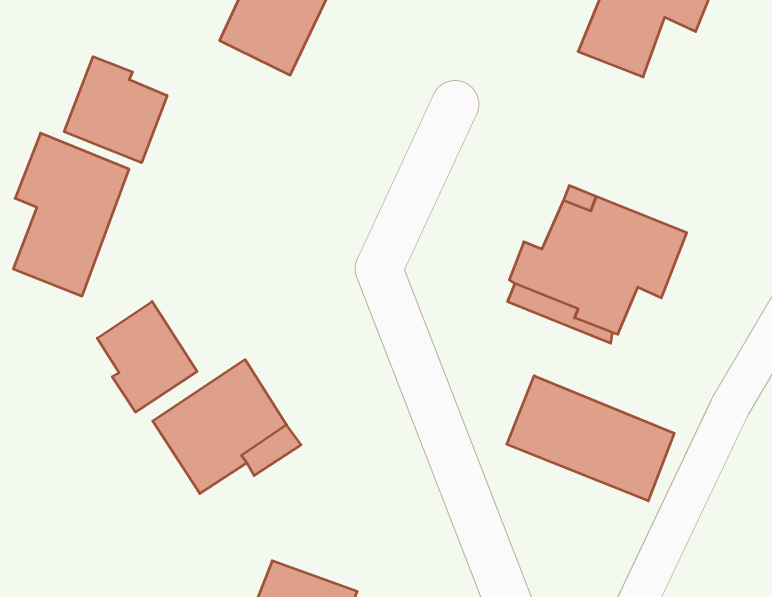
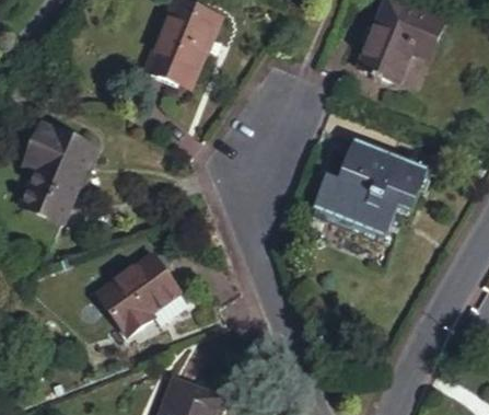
building: [64,57,167,163] -> none
building: [97,301,197,412] -> none
building: [507,376,674,501] -> none

